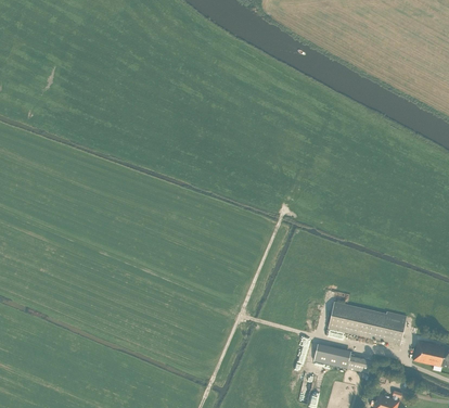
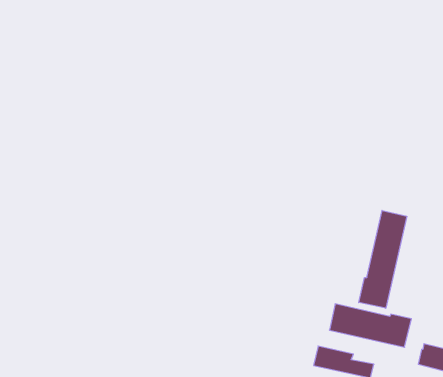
building: none -> [359,210,407,308]

